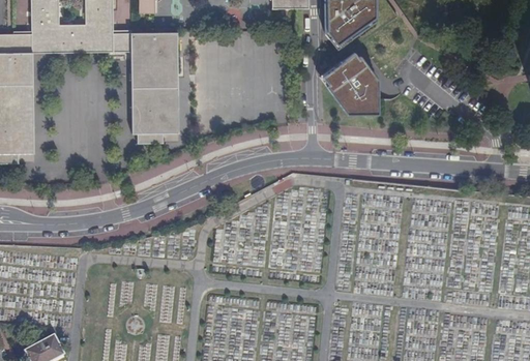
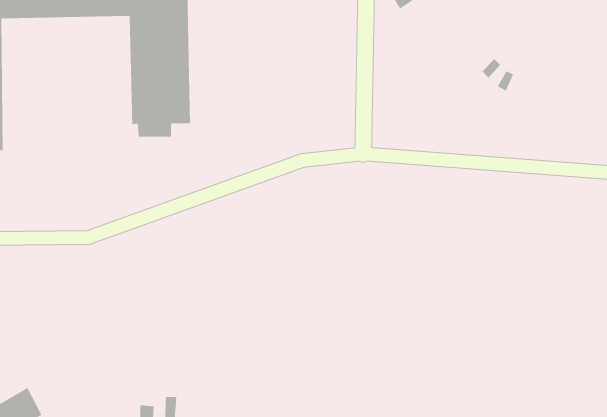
building: [322,51,376,113] -> none

